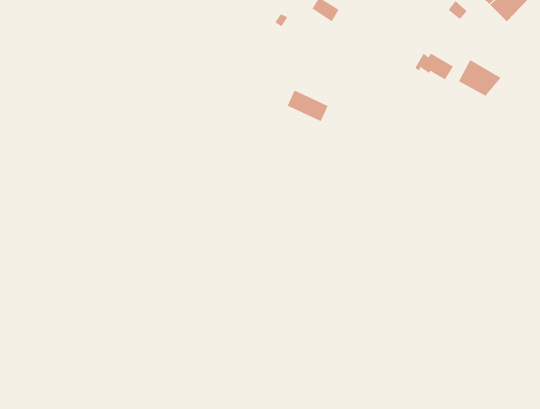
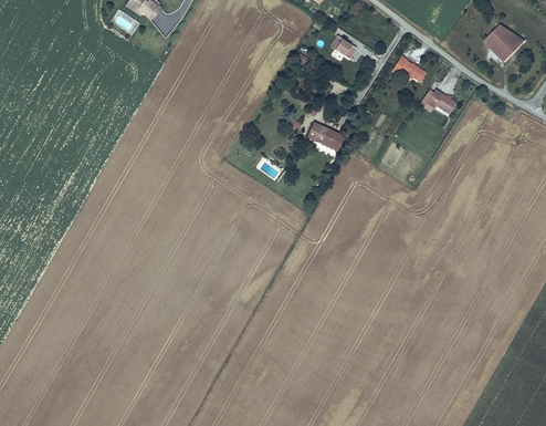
building: none -> [392,56,428,82]
building: [458,59,502,96] -> none

